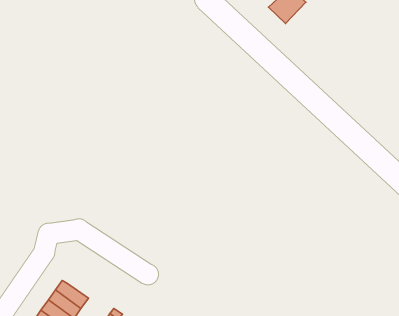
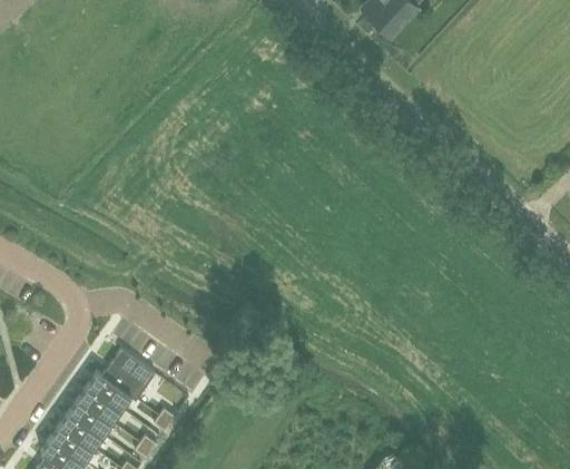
building: none -> [102,350,156,401]

